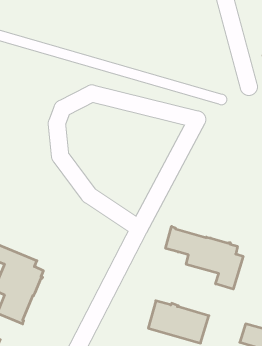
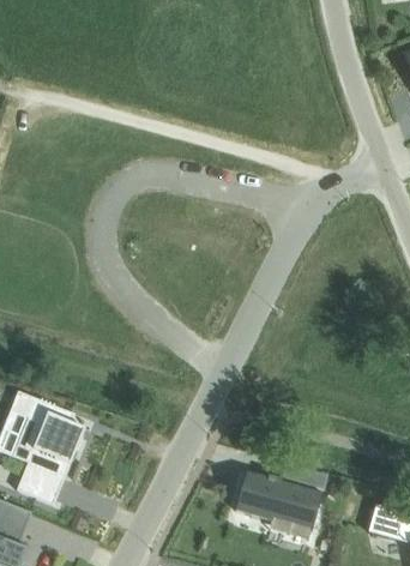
building: [166,226,243,289] -> none

